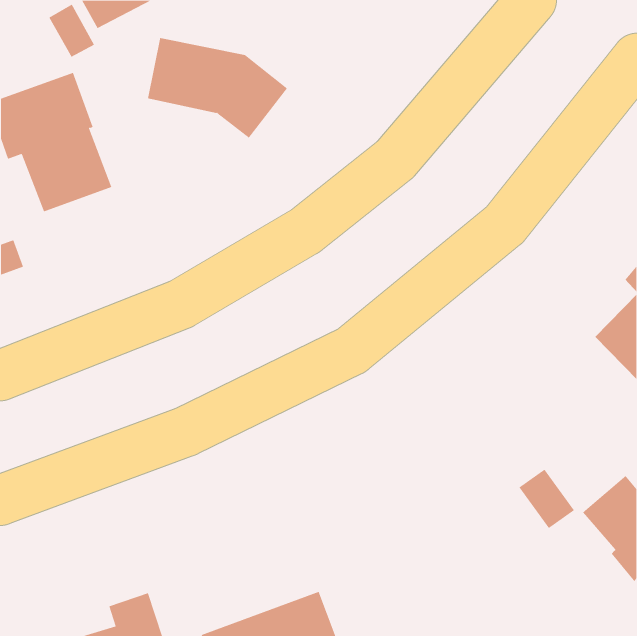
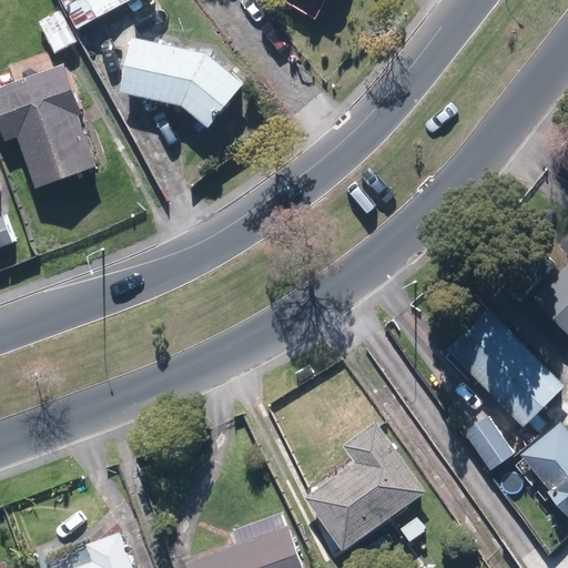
building: none -> [444,312,560,427]
building: none -> [301,424,423,552]

